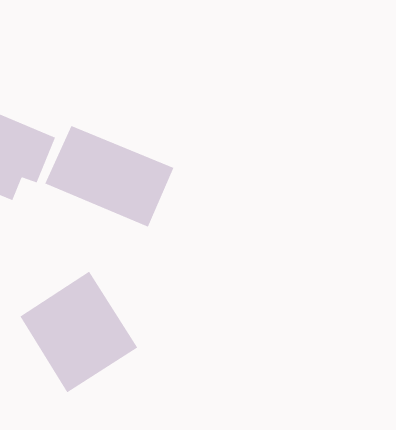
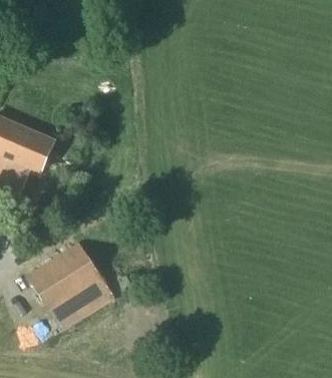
building: [45,125,174,227] -> none

